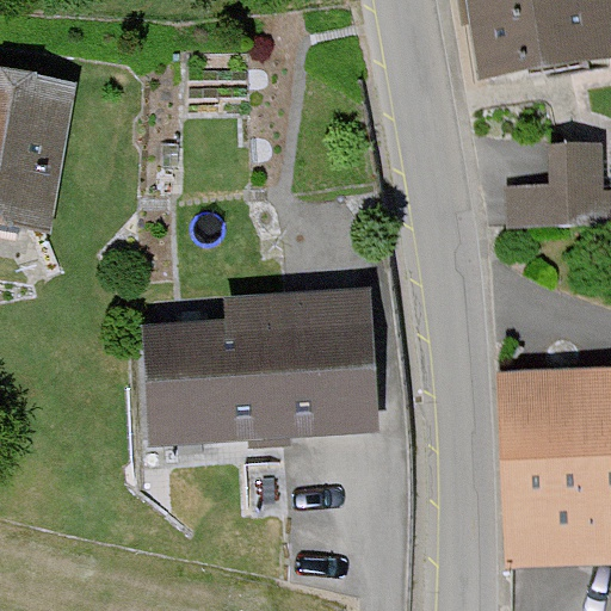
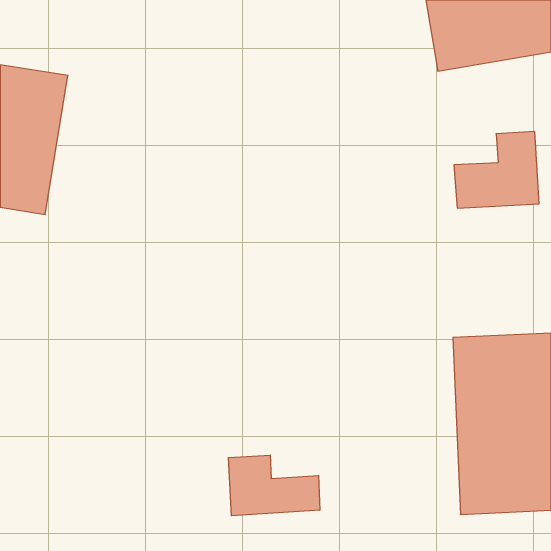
building: [144,286,372,437] -> none
building: none -> [228,455,320,516]

